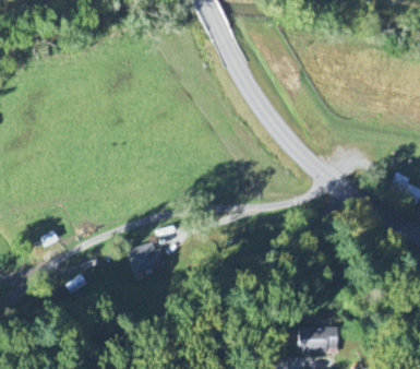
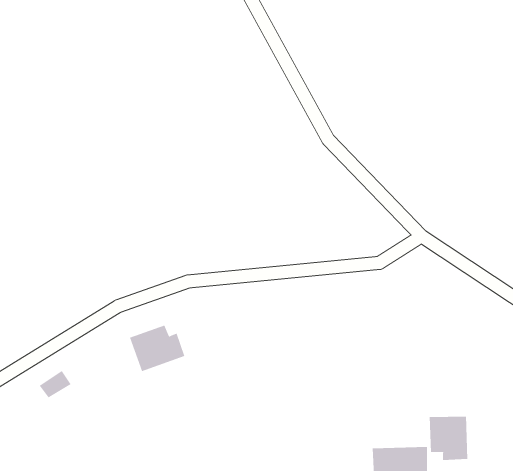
building: none -> [429,416,468,461]

